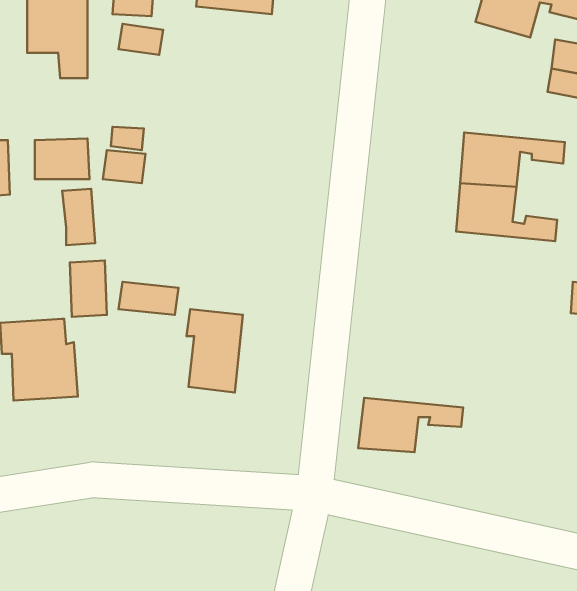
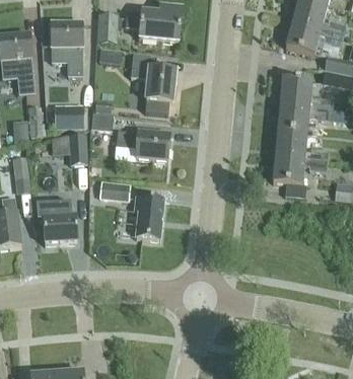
building: none -> [130,53,175,112]
building: none -> [279,77,333,107]
building: none -> [116,129,169,159]
building: [358,398,463,452] -> [272,154,327,182]

